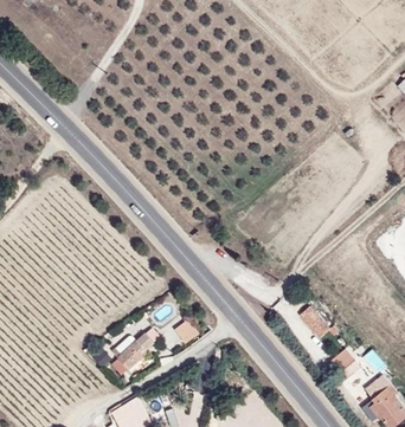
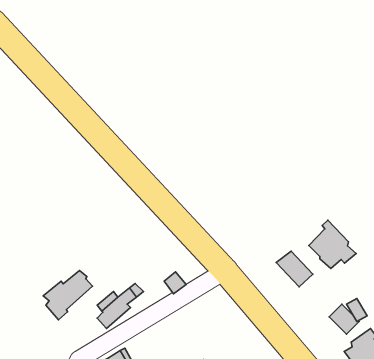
building: none -> [309,220,356,269]
building: none -> [43,270,93,320]

